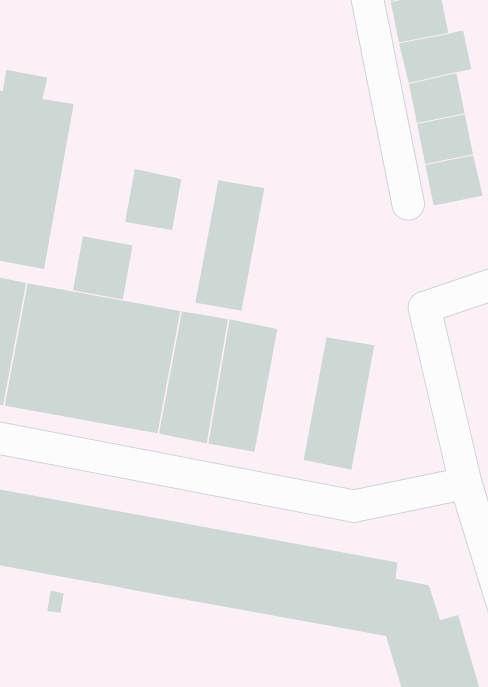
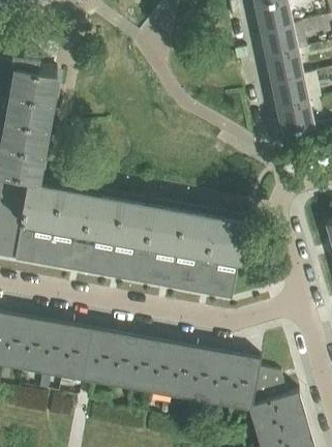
building: [125,168,182,231] -> none
building: [195,180,265,311] -> [171,212,215,295]
building: [73,236,133,300] -> none

